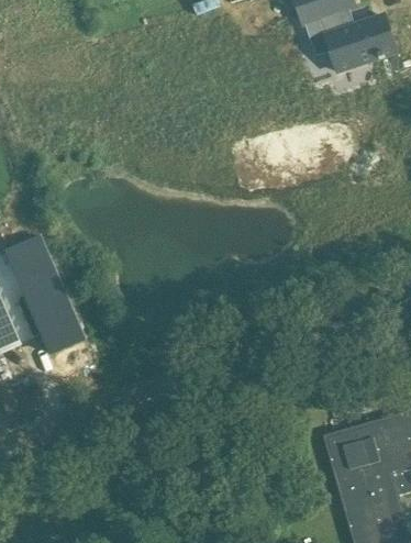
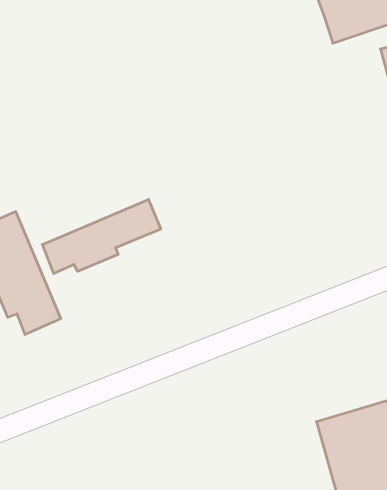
building: none -> [42,199,161,274]

